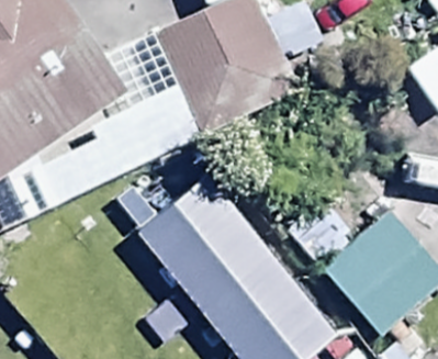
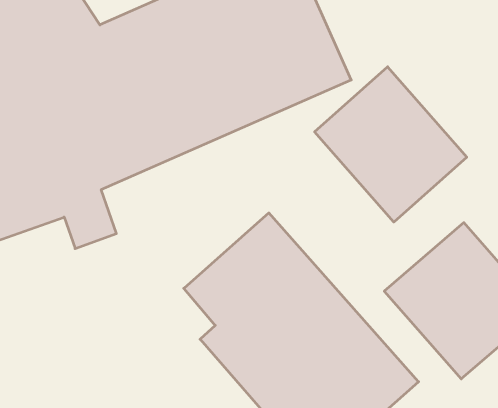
building: none -> [315,67,467,222]

